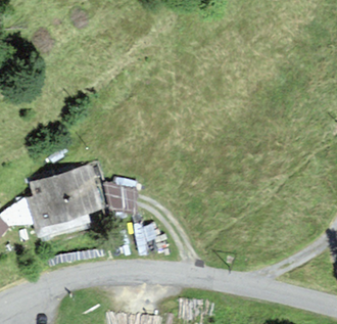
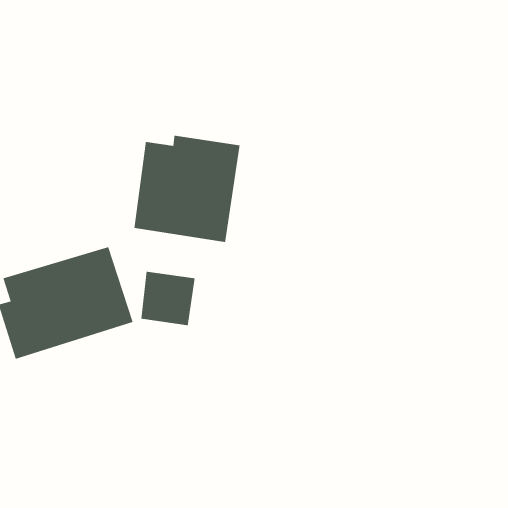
building: none -> [134,135,240,243]

